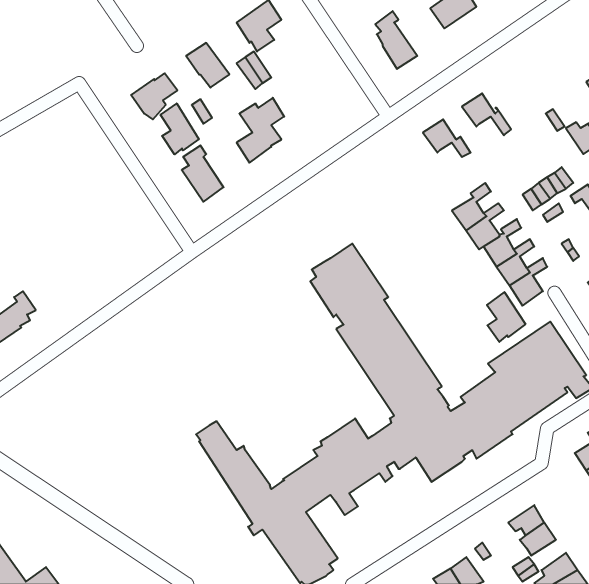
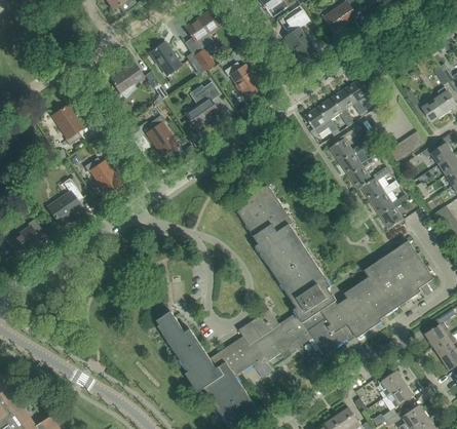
building: none -> [223,62,259,98]
building: [161,103,199,154] -> none
building: none -> [332,87,365,114]
building: none -> [51,105,81,145]
building: none -> [304,106,337,134]
building: none -> [329,128,356,161]
building: none -> [83,157,119,194]
building: none -> [47,178,82,221]
building: [487,292,525,342] -> none

